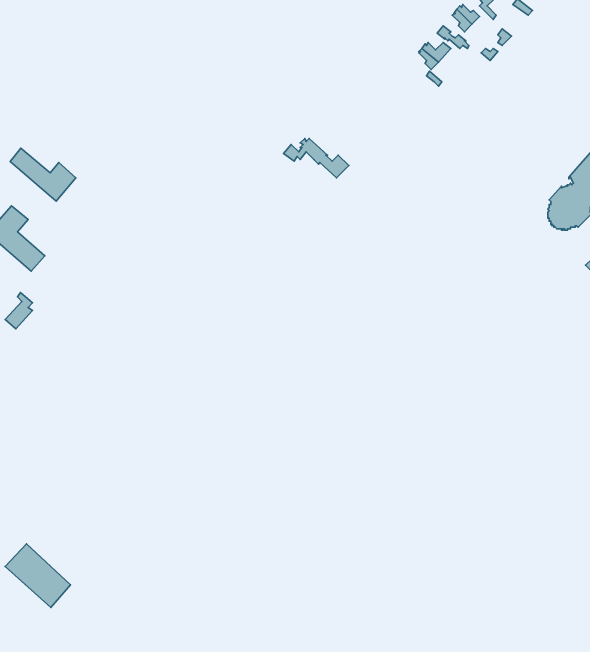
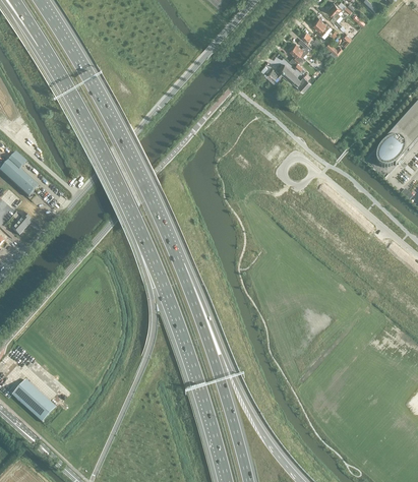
building: [284,138,349,178] -> [265,62,309,88]
building: [10,148,76,201] -> none

